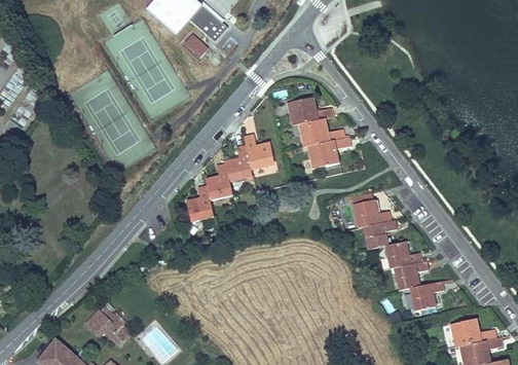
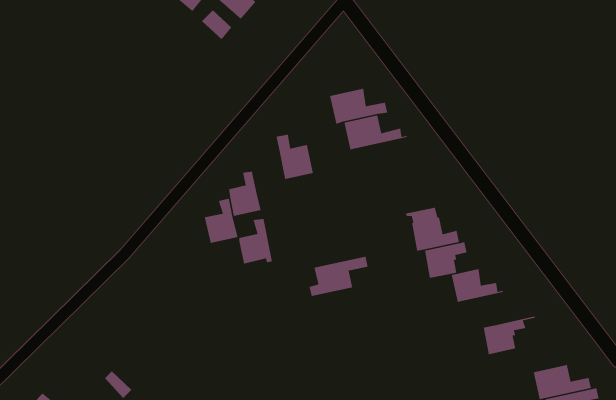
building: [302,136,350,169] -> [308,256,369,297]
building: [224,144,252,181] -> [238,218,273,264]
building: [393,258,436,290] -> none
building: [90,311,133,338] -> none

